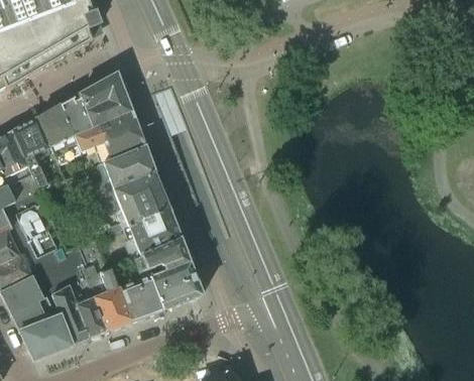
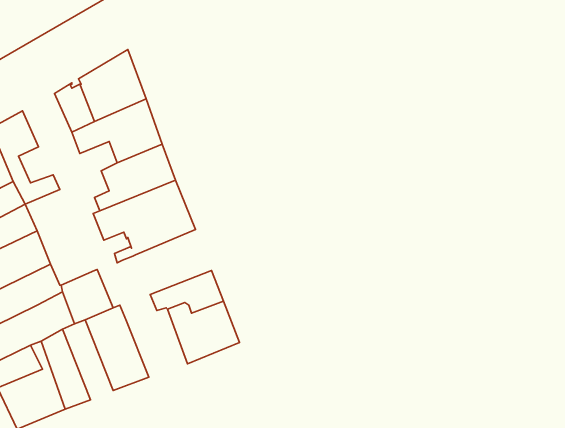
building: [37,107,82,164] -> none
building: [123,210,181,260] -> none
building: [116,269,162,322] -> none
building: [68,278,106,339] -> none

